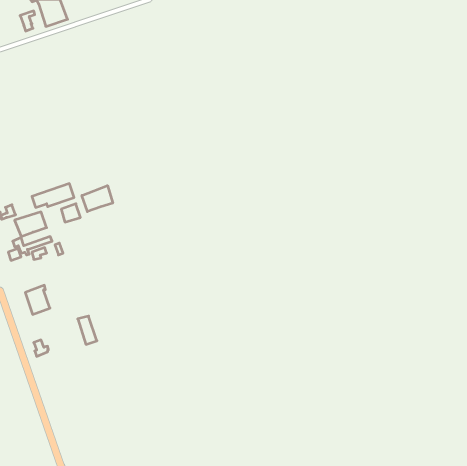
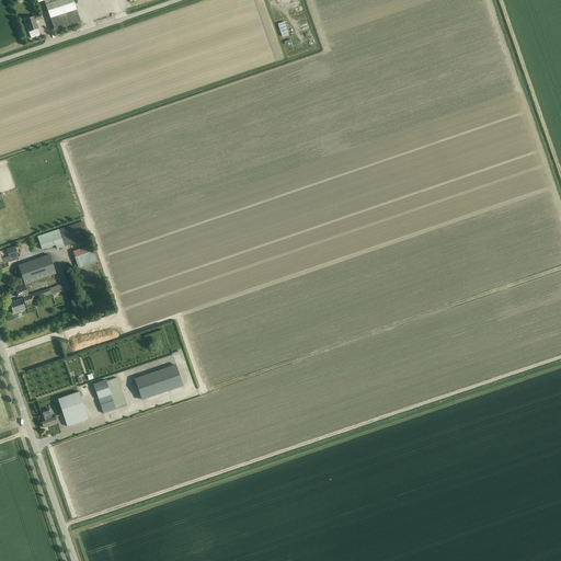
building: [82,186,113,212] -> none
building: [25,285,50,314] -> [58,390,88,425]
building: none -> [135,365,183,399]

